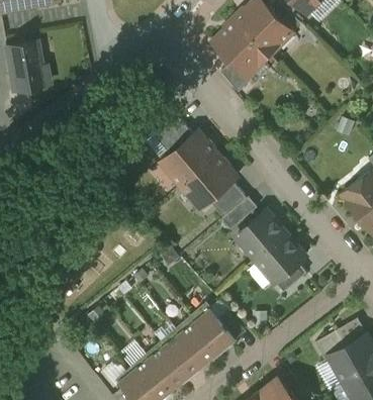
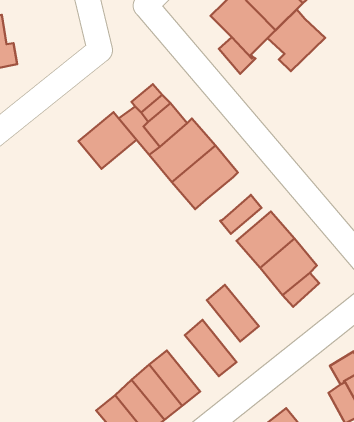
building: none -> [267,10,325,71]
building: none -> [79,112,136,169]
building: [210,181,248,217] -> none
building: [177,316,221,365] -> [207,285,259,342]

